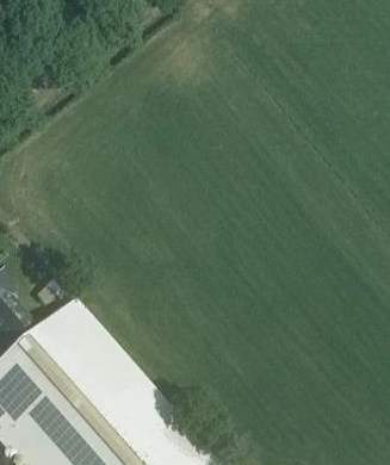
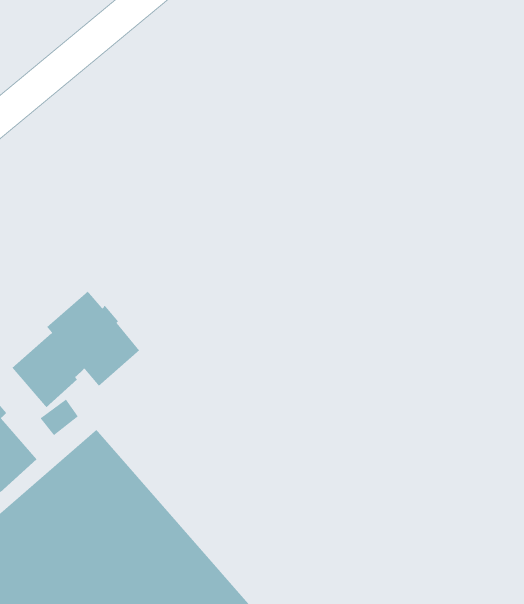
building: none -> [12,290,140,408]

